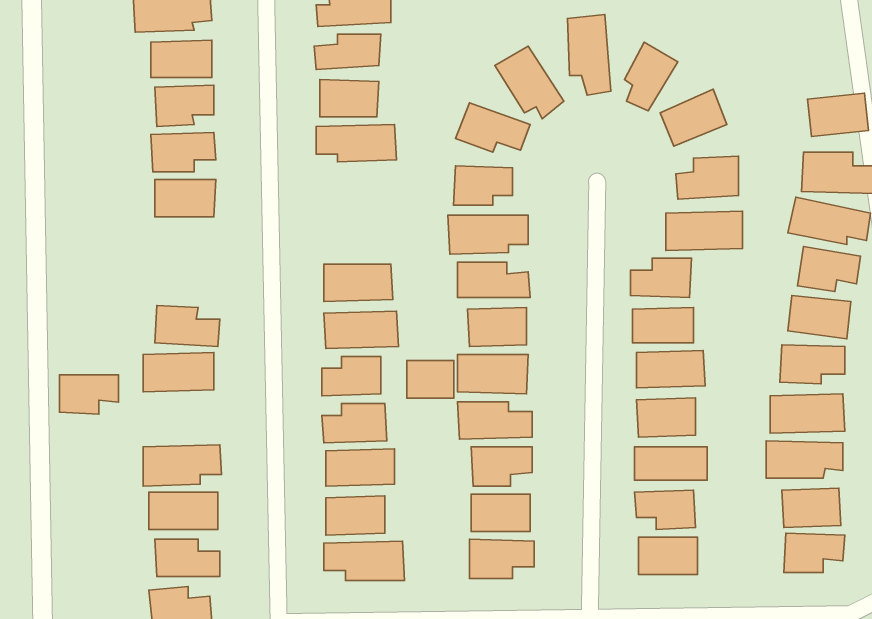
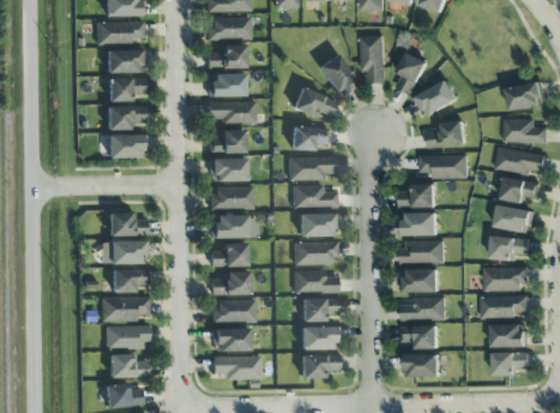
building: none -> [209,130,246,152]
building: none -> [210,158,247,181]
building: [407,361,454,398] -> none
building: [60,375,119,414] -> [113,269,149,293]

